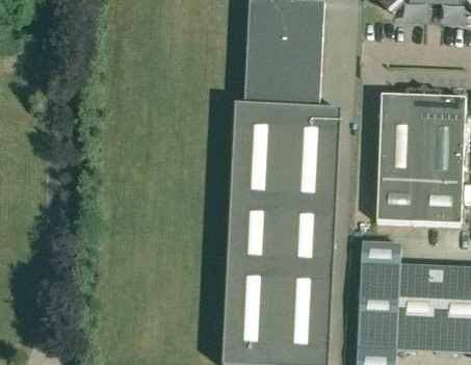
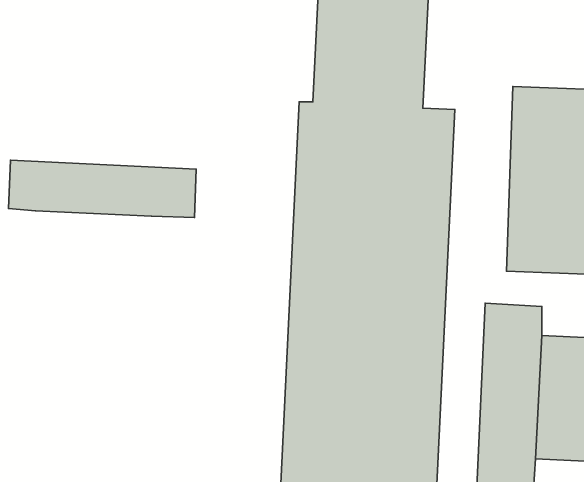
building: none -> [9,160,196,217]

